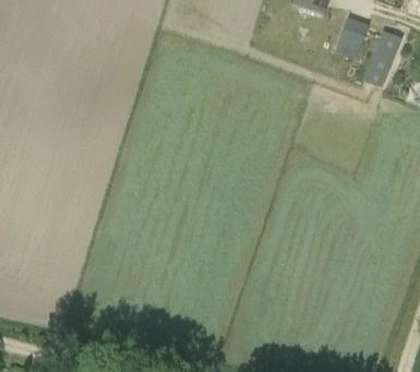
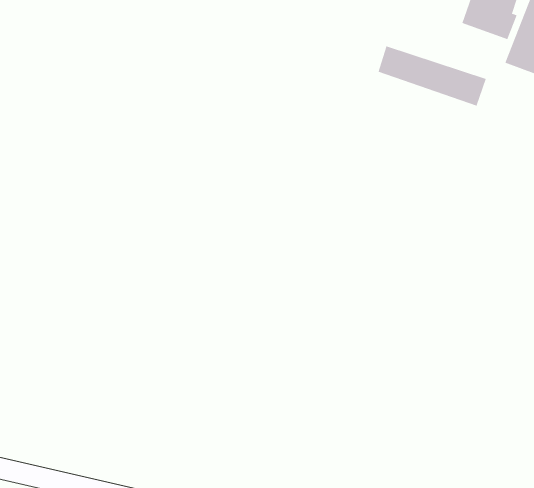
building: none -> [378,45,486,106]

